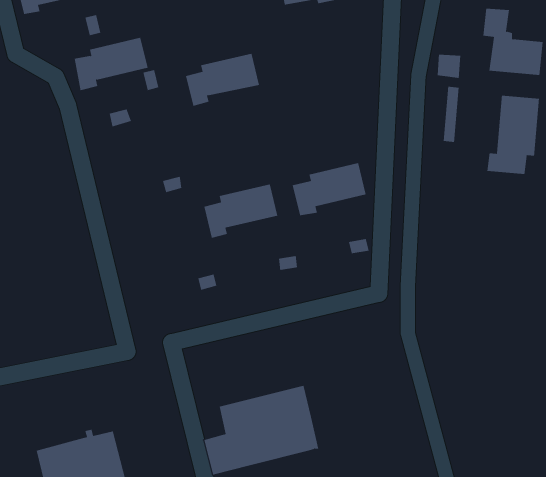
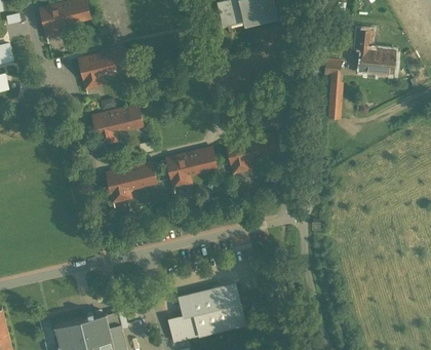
building: [185,53,260,106] -> [93,106,144,142]
building: [487,95,539,175] -> none
building: none -> [107,162,157,199]

